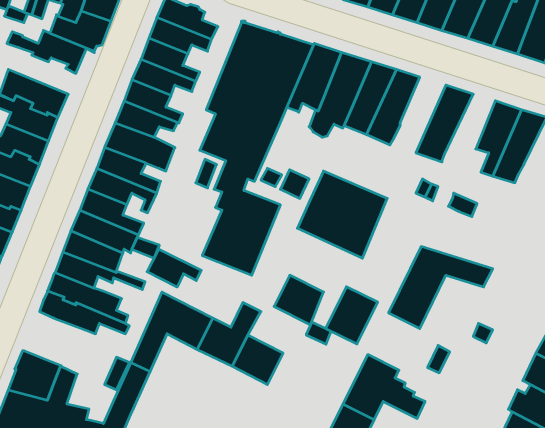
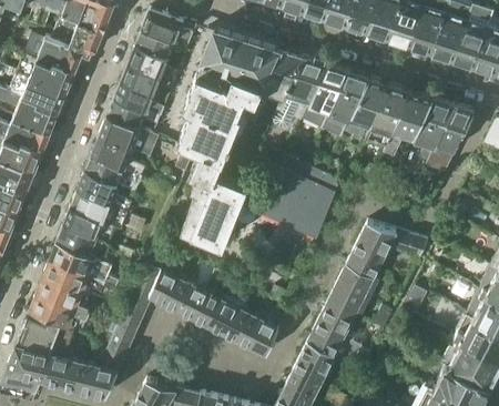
building: none -> [20,53,73,93]
building: none -> [344,79,388,149]
building: none -> [385,93,430,154]
building: [147,249,201,287] -> none
building: [274,275,324,325] -> [236,314,278,356]
building: [326,287,378,344] -> [322,280,366,328]
building: none -> [29,278,88,332]

